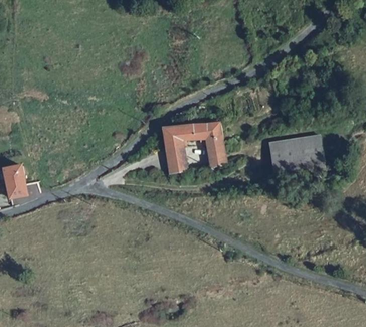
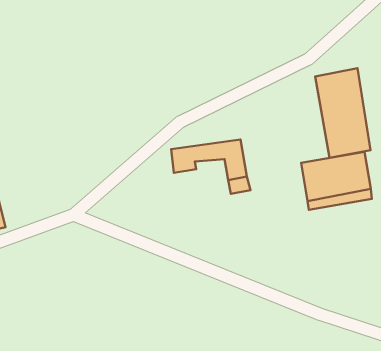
building: none -> [315,68,370,158]
building: [165,146,186,173] -> none

